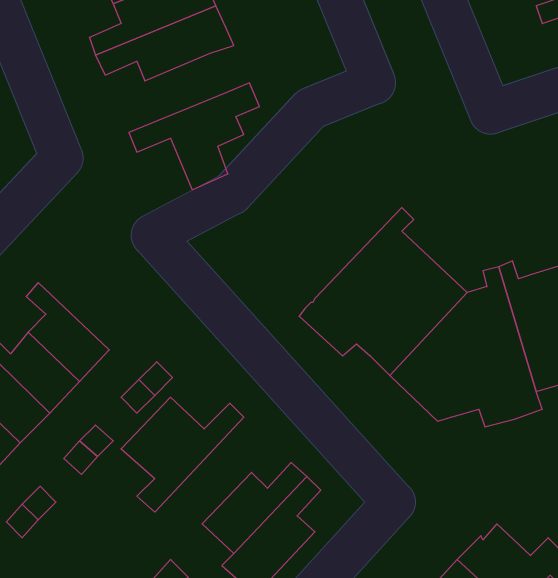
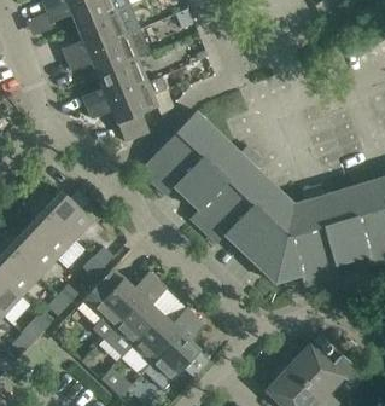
building: none -> [82,58,146,106]
building: none -> [140,111,253,210]
building: none -> [31,191,93,239]
building: none -> [103,280,167,356]

